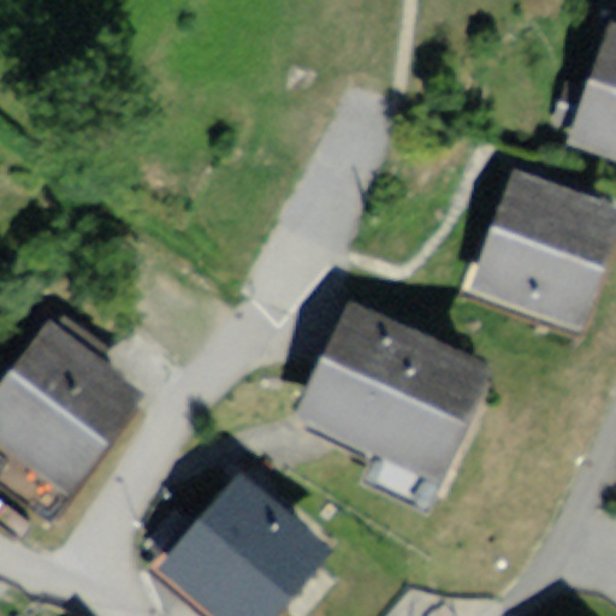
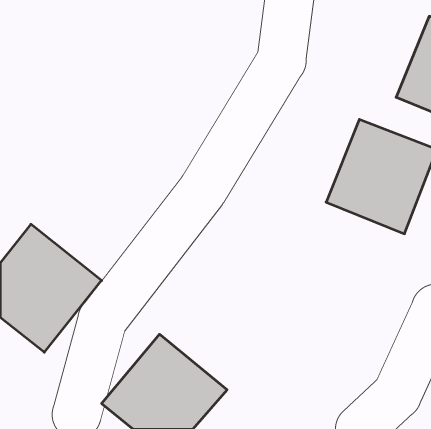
building: [291,309,487,485] -> none

